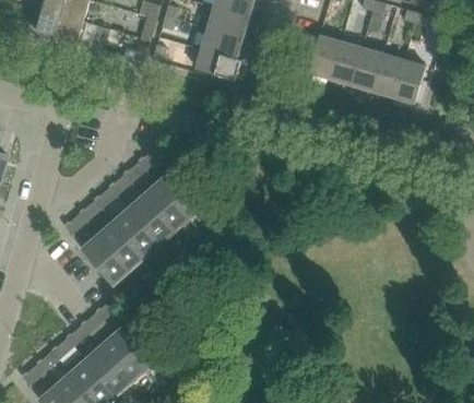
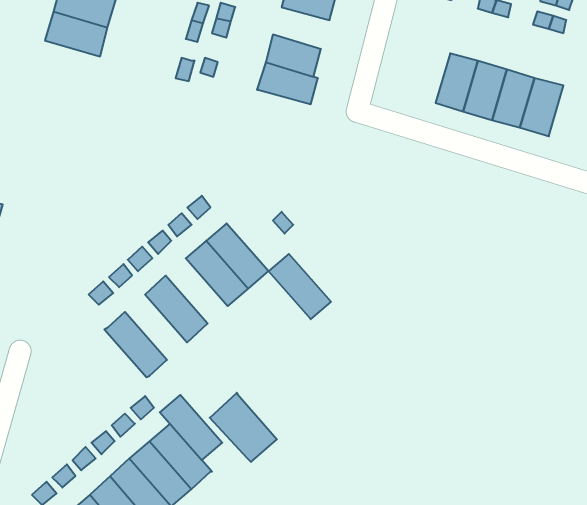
building: [206,7,249,38] -> none
building: [307,35,340,79] -> none
building: [126,195,173,245] -> [269,254,331,319]
building: [95,223,142,272] -> [160,395,222,460]
building: none -> [210,393,277,462]

